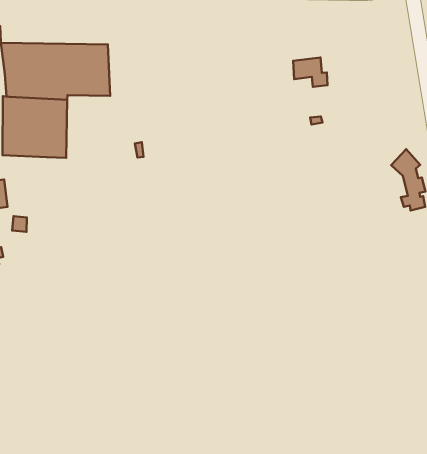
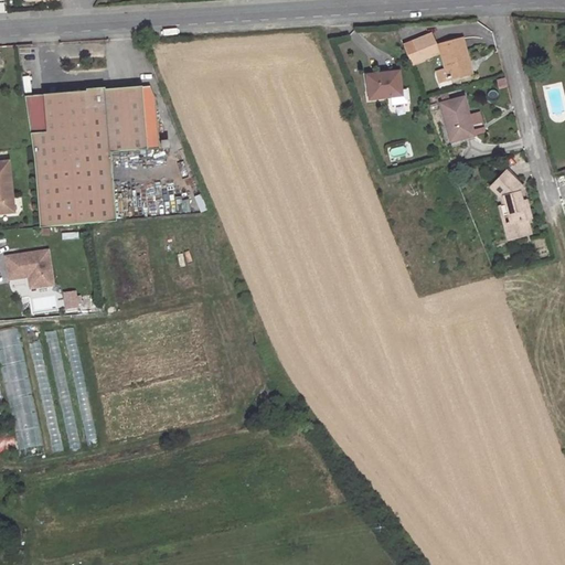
building: none -> [397,38,434,68]
building: none -> [433,41,468,86]
building: none -> [436,98,471,143]

